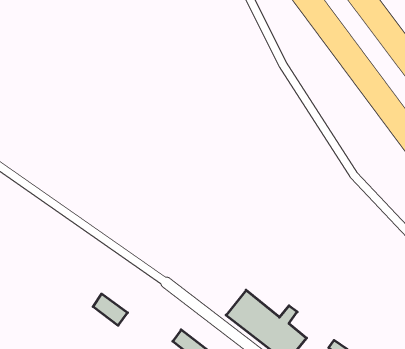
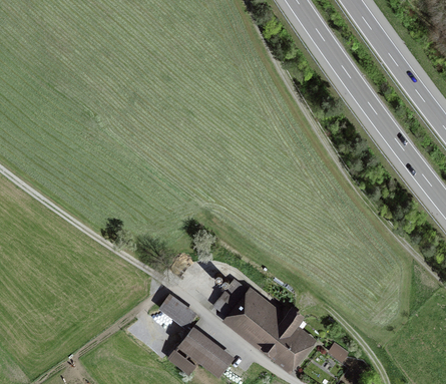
building: none -> [214,282,253,321]
building: [93,294,128,325] -> [162,297,195,327]

